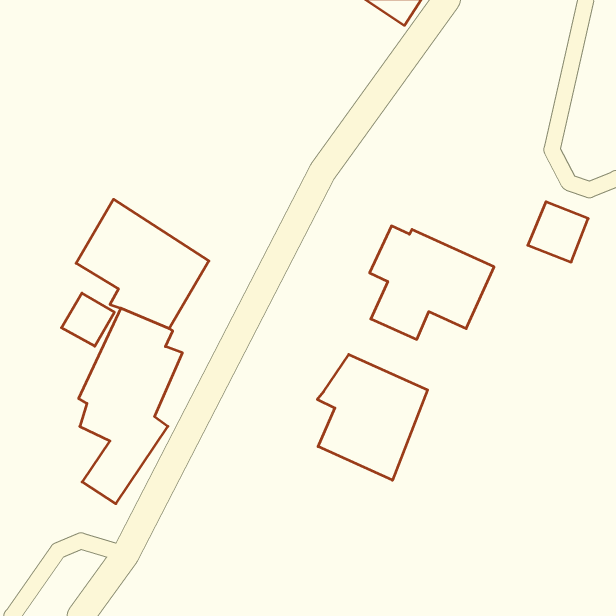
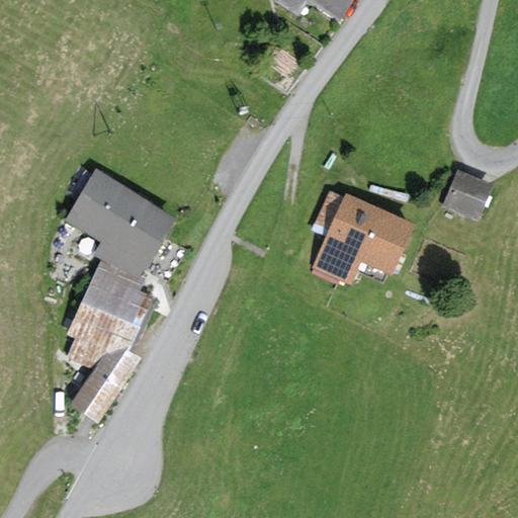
building: [61,293,114,346] -> none
building: [317,354,428,480] -> none

